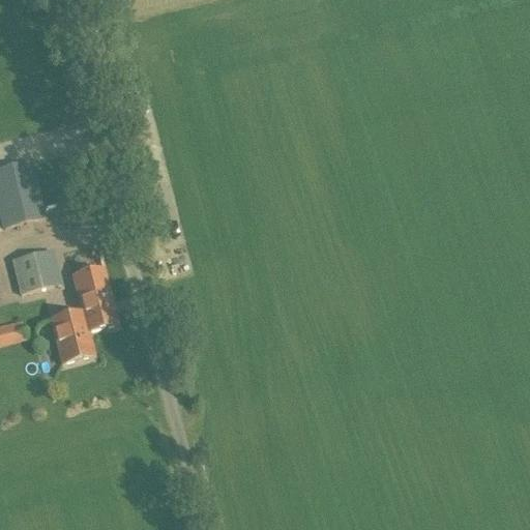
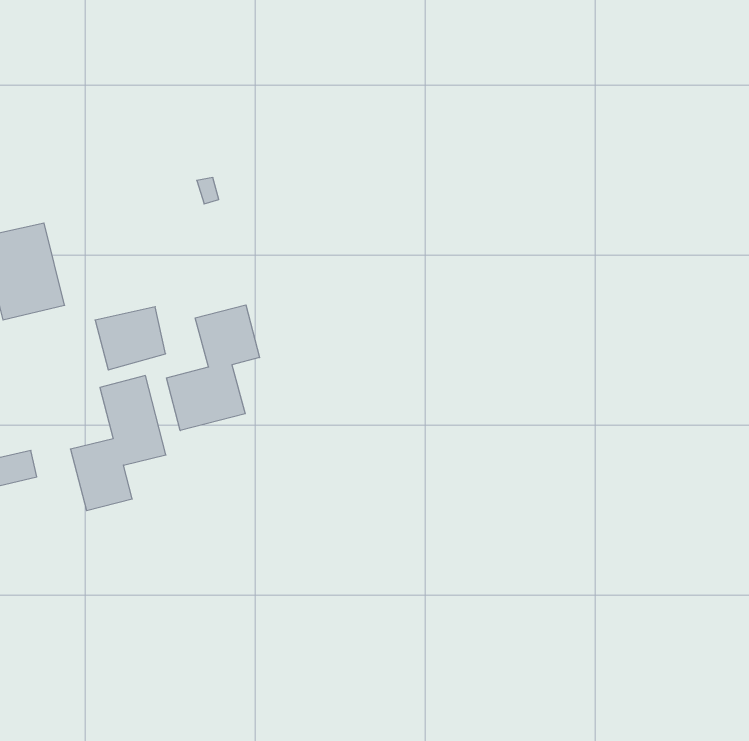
building: none -> [166,305,260,431]
building: [10,247,60,292] -> [95,307,166,370]

